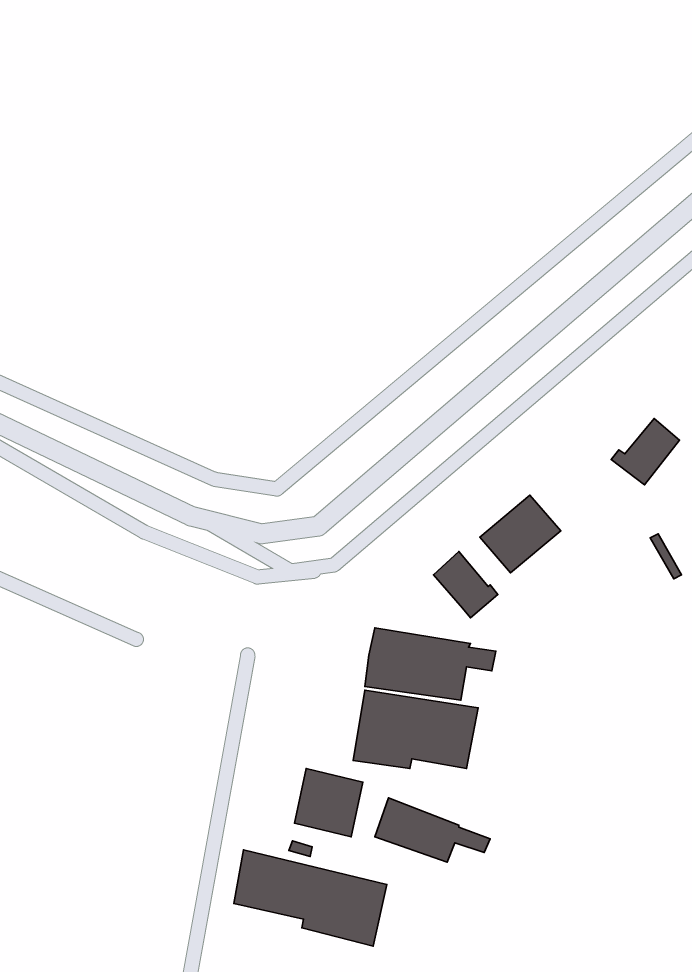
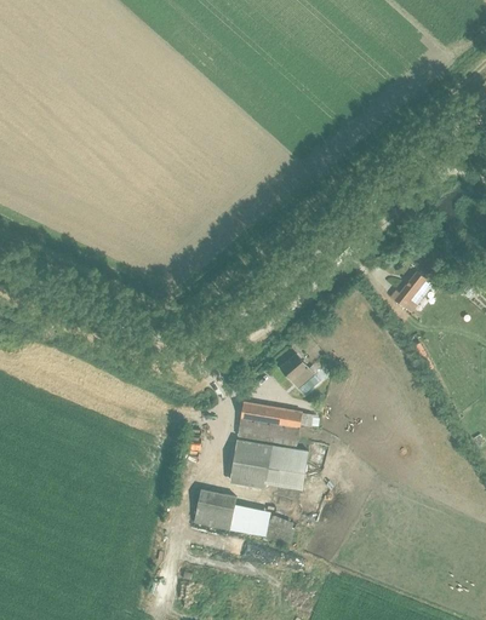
building: [480,495,561,573] -> none
building: [234,850,387,946] -> none

